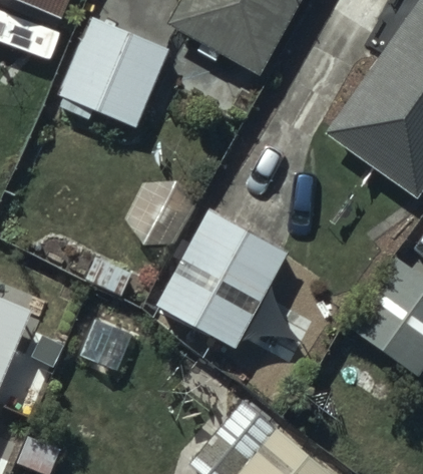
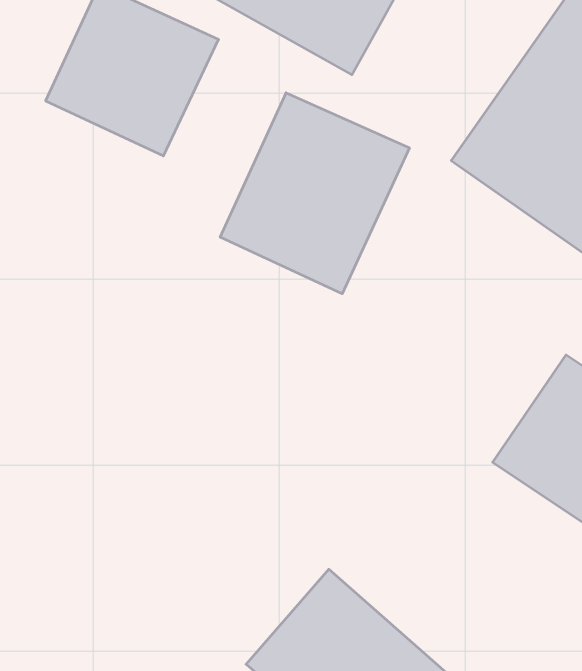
building: none -> [220,93,409,294]
building: [155,211,289,352] -> none

